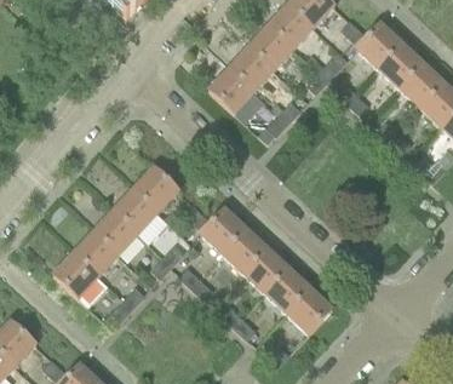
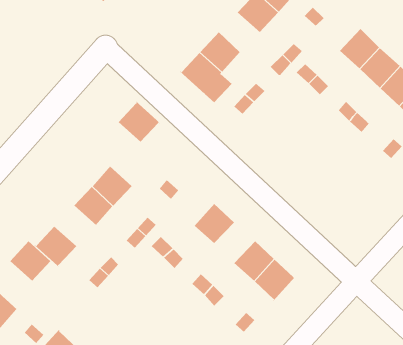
building: [356,22,401,67] -> none
building: [250,25,293,68] -> none
building: [133,166,179,211] -> [118,100,161,142]
building: [200,207,245,253] -> none
building: [74,231,119,275] -> [9,241,51,281]
building: [245,250,288,293] -> none

